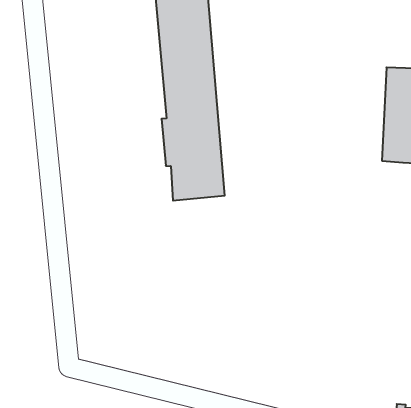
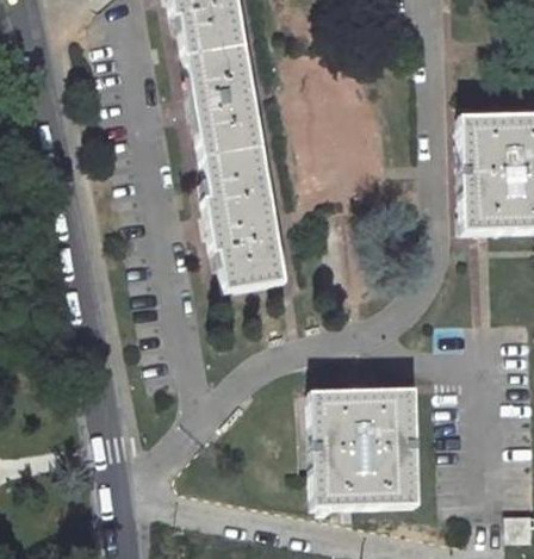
building: none -> [309,390,416,508]

